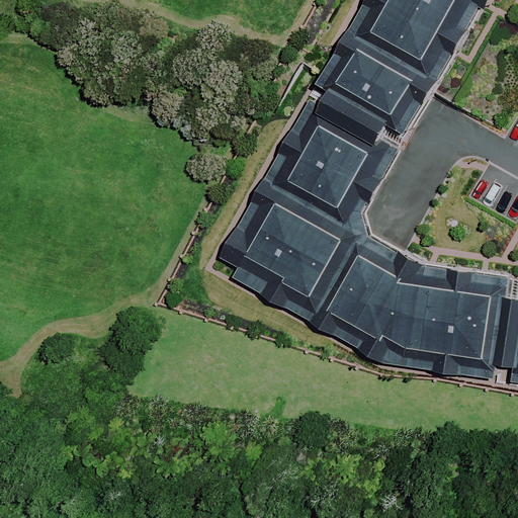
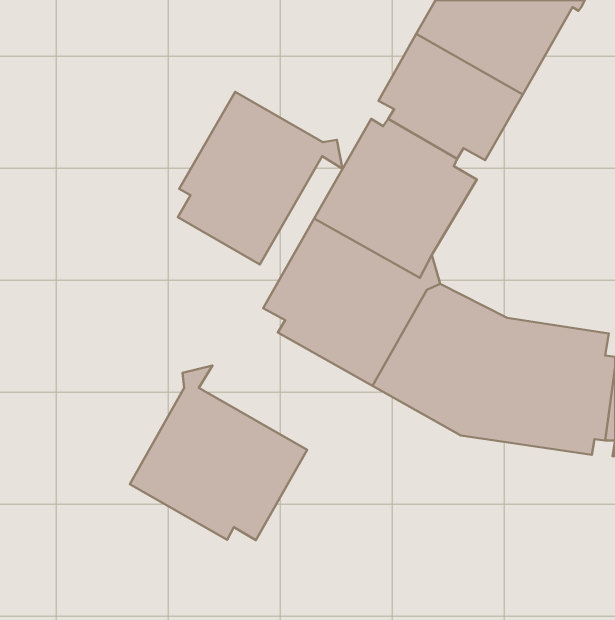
building: none -> [178,92,343,264]
building: none -> [130,366,307,540]

